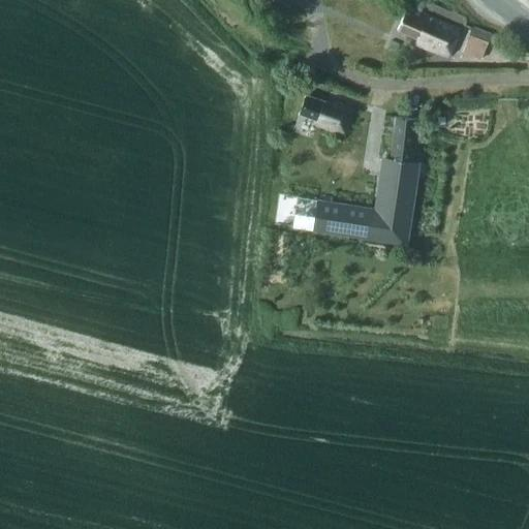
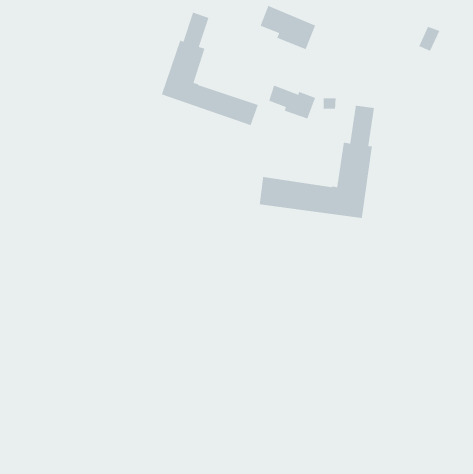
building: [398,7,461,58] -> [260,5,316,50]
building: none -> [161,12,259,126]

